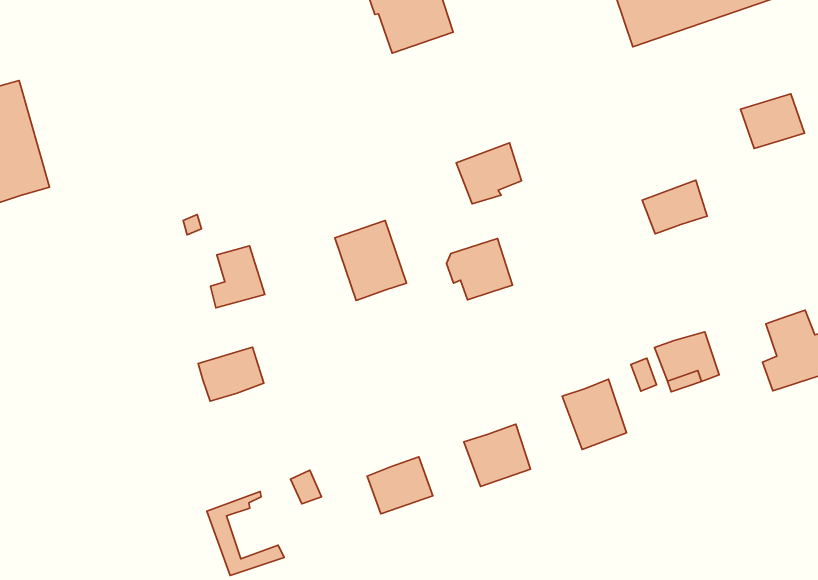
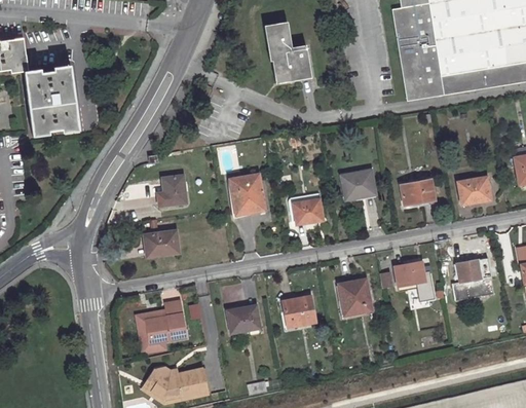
building: [740,94,805,149] -> [457,176,490,202]
building: [456,143,521,204] -> [340,169,374,198]
building: none -> [146,300,187,344]

